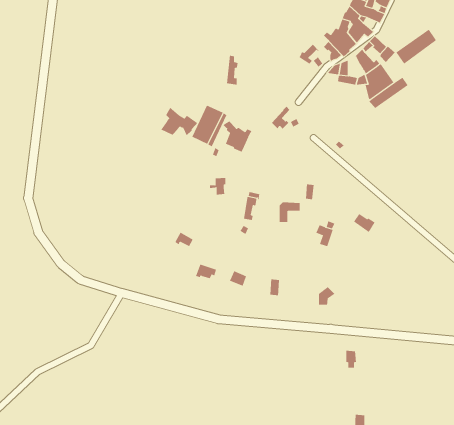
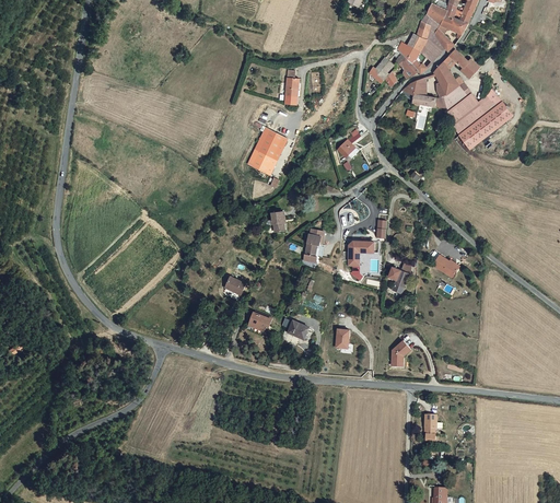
building: [395,29,437,65] -> [457,106,505,148]
building: [161,107,198,136] -> none
building: [223,121,252,152] -> none

